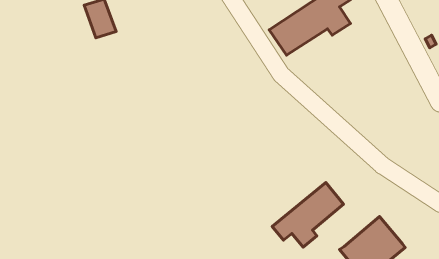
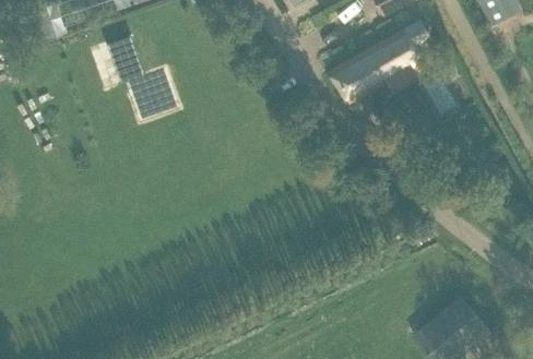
building: [272,183,343,247] -> none

